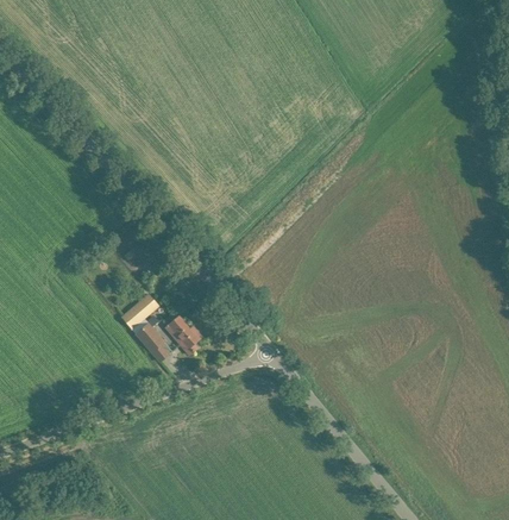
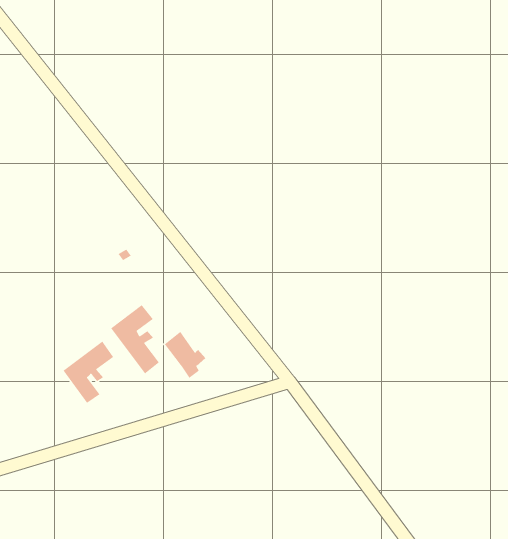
building: none -> [62,341,114,404]

